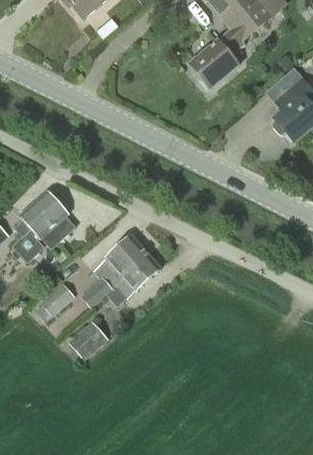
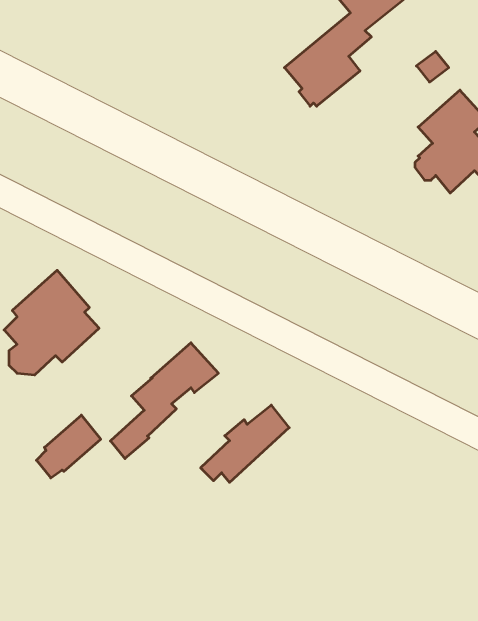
building: [104,254,160,302] -> [201,405,289,482]
building: [69,323,107,360] -> none

